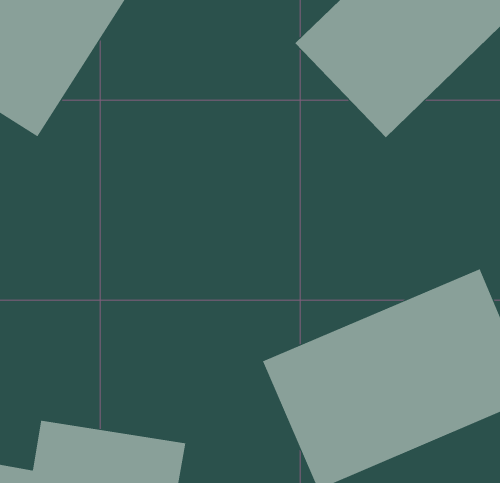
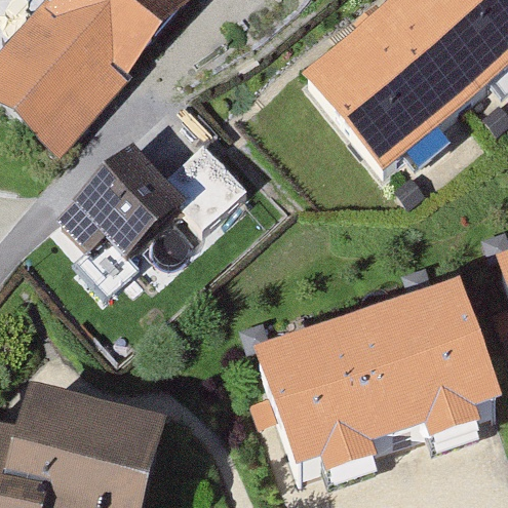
building: none -> [62,127,255,276]

